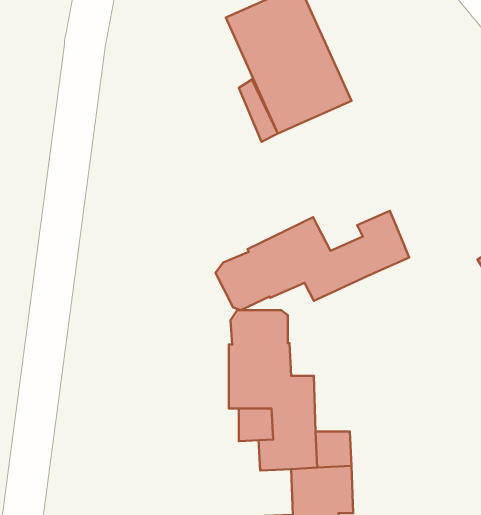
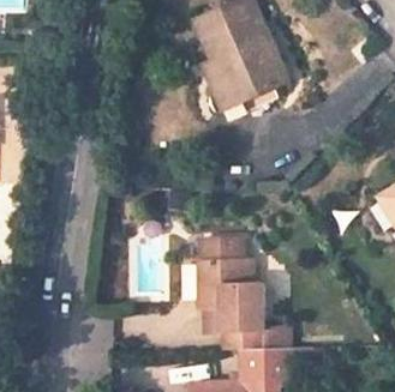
building: [216,211,409,310] -> none

